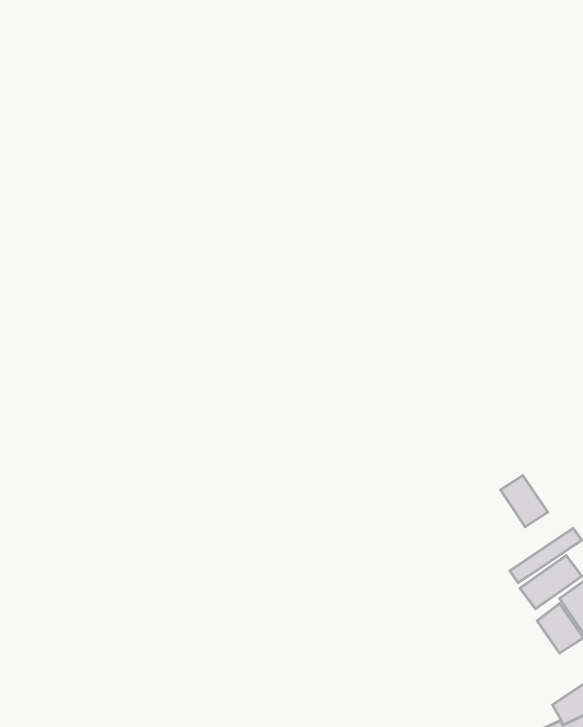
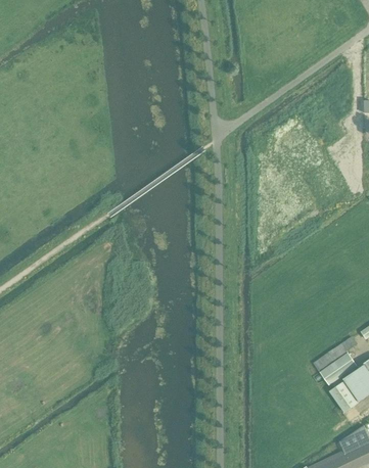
building: [500,475,548,527] -> none

